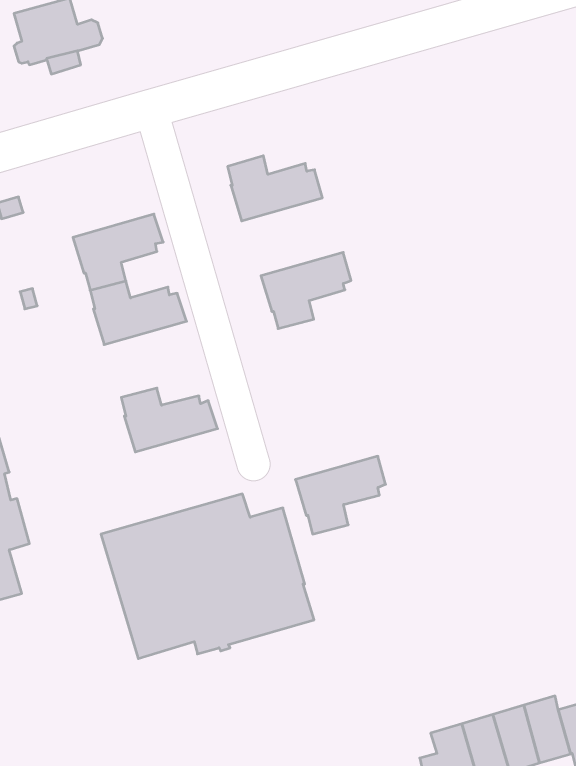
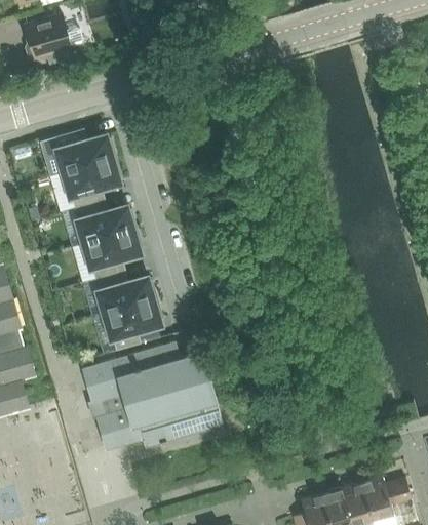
building: [228,156,322,221] -> [52,130,115,173]
building: [261,252,351,329] -> [82,229,142,279]
building: [295,456,386,534] -> [103,299,162,351]

